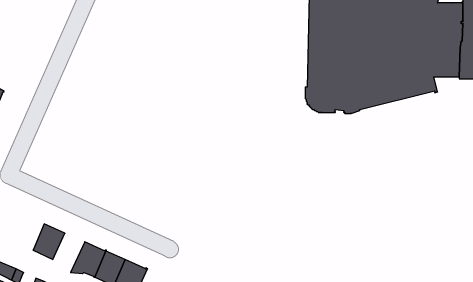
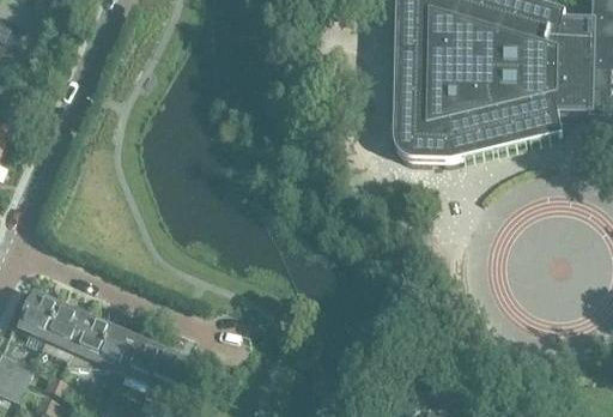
building: none -> [19,290,60,334]
building: none -> [66,313,111,363]

